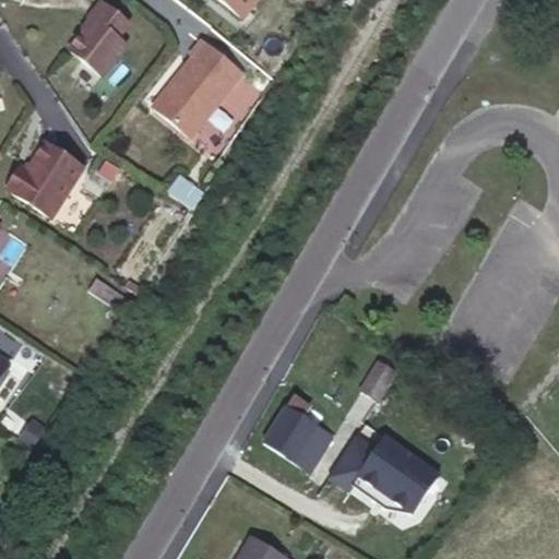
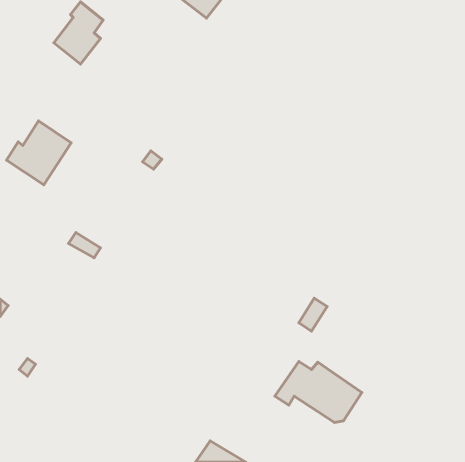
building: [157,44,247,141] -> none
building: [261,390,324,469] -> none

